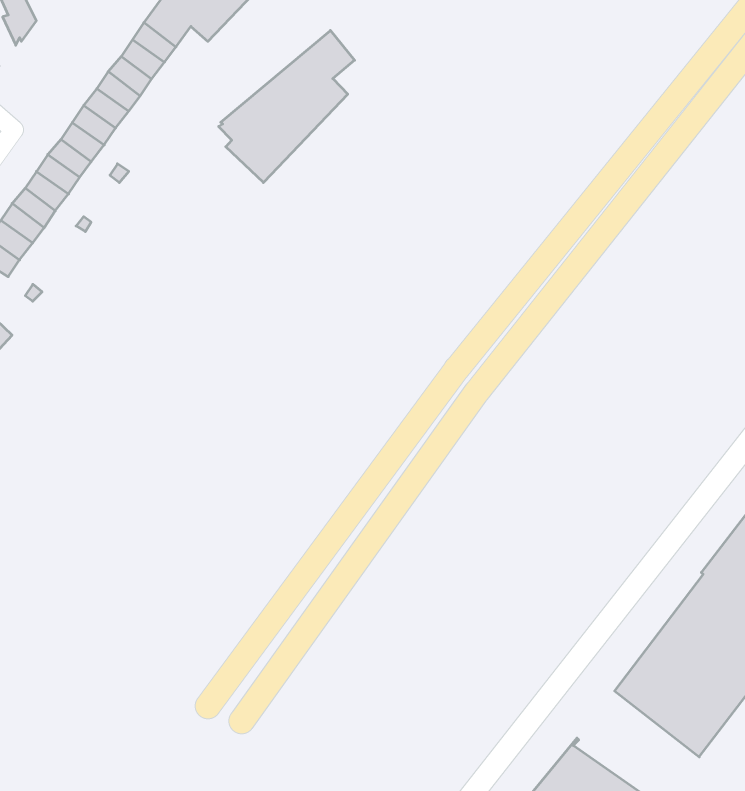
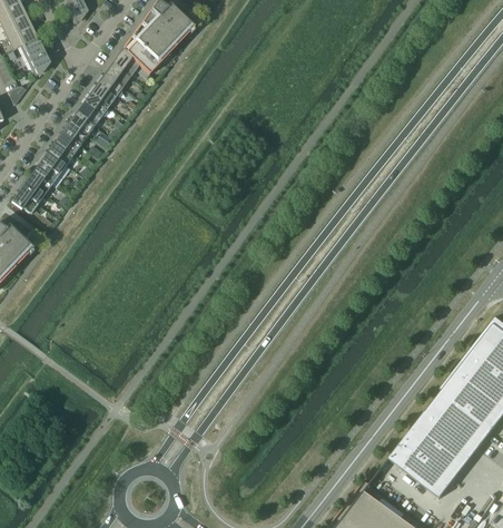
building: [219,30,355,183] -> none

